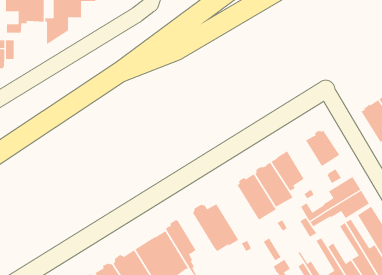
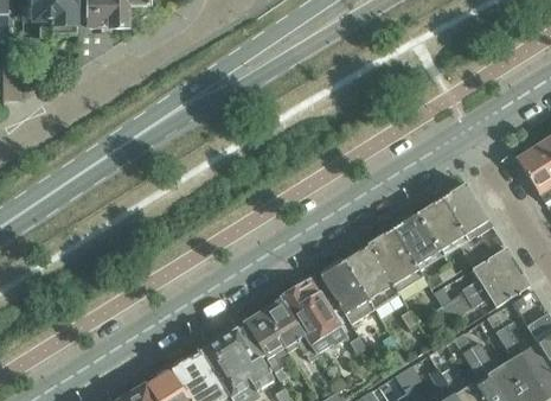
building: none -> [415,198,466,259]
building: none -> [320,260,374,324]
building: none -> [263,298,316,359]

